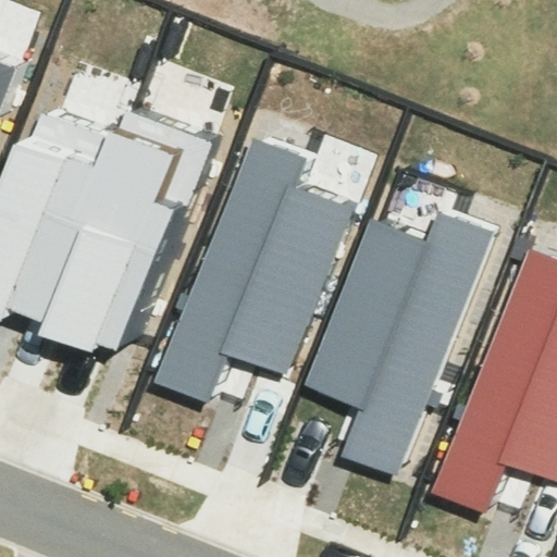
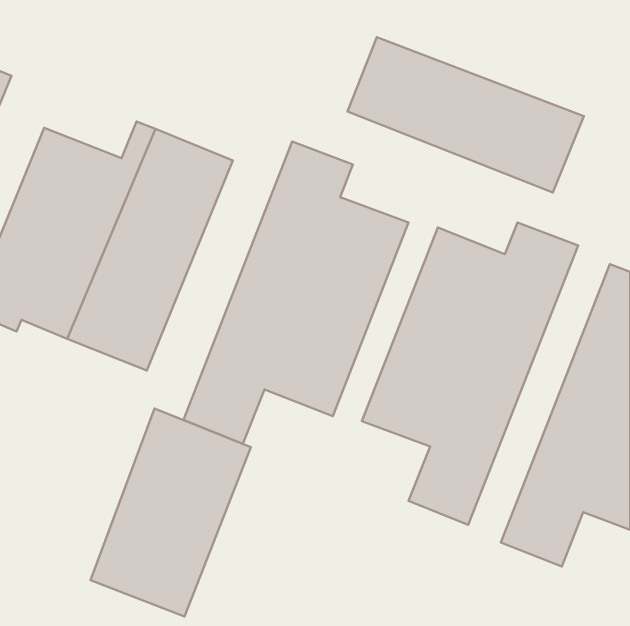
building: none -> [347,37,584,193]
building: none -> [91,409,251,617]

